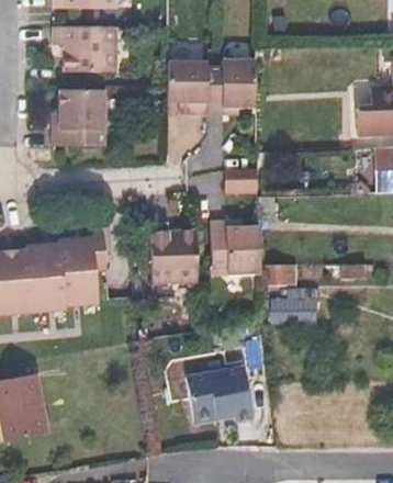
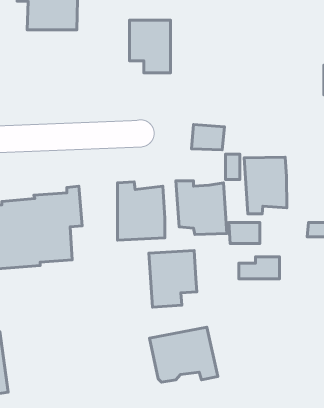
building: [205,61,255,115] -> none
building: [52,90,104,146] -> none
building: none -> [244,157,287,214]
building: none -> [149,250,197,307]

